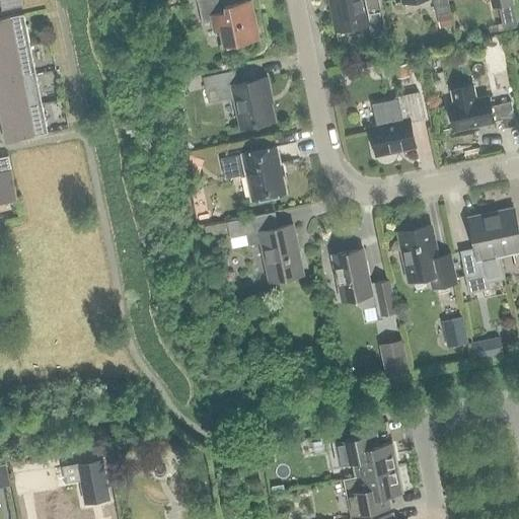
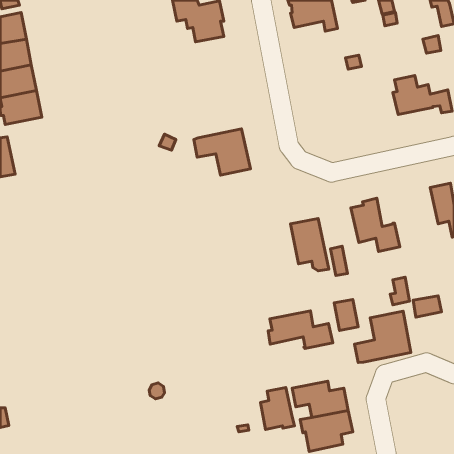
building: [203,71,274,128] -> none
building: [370,92,424,155] -> none
building: [460,214,505,294] -> none
building: [227,216,305,281] -> none
building: none -> [268,311,333,349]
building: none -> [354,311,411,362]
building: none -> [260,387,294,430]
building: [77,460,109,503] -> none

